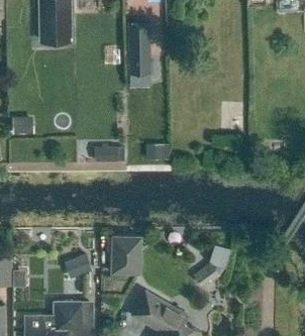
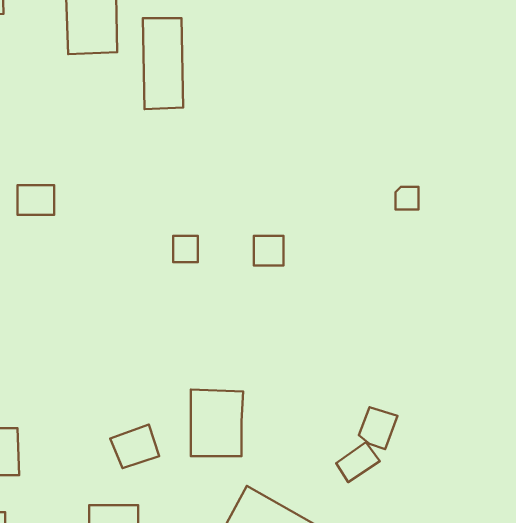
building: [128,22,151,75] -> [143,18,183,109]

